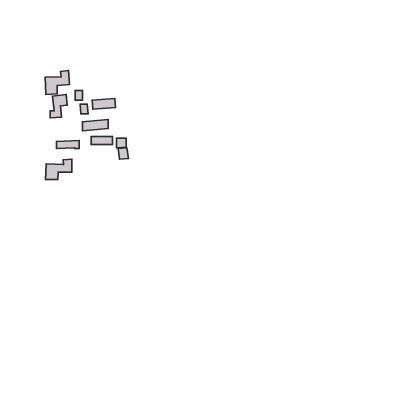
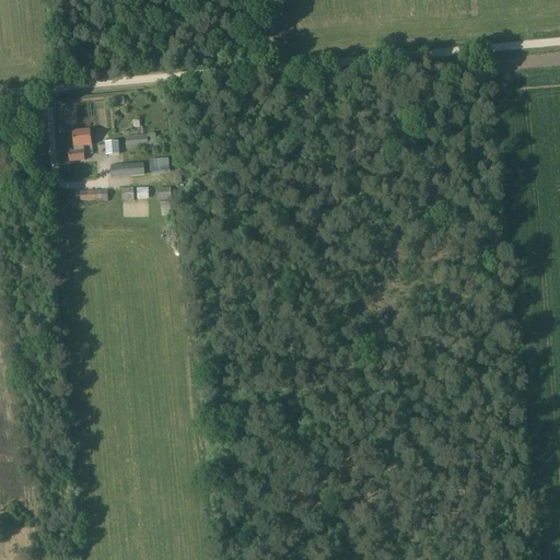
building: [45,70,70,94] -> none
building: [45,159,72,179] -> none

